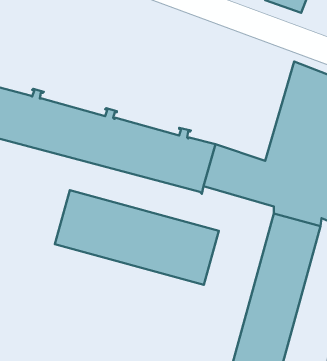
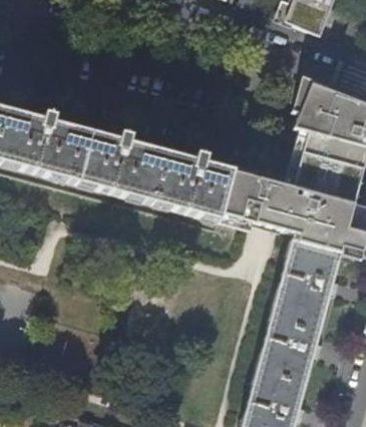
building: [55,190,219,285] -> none

